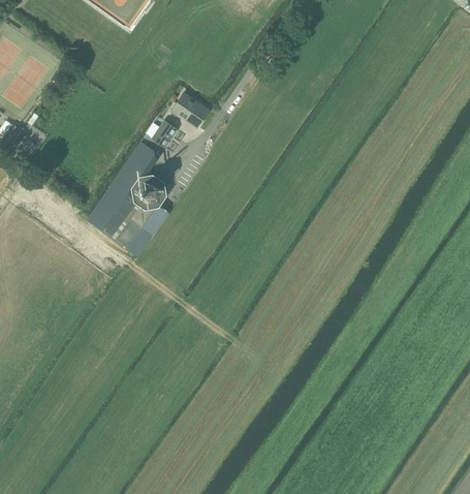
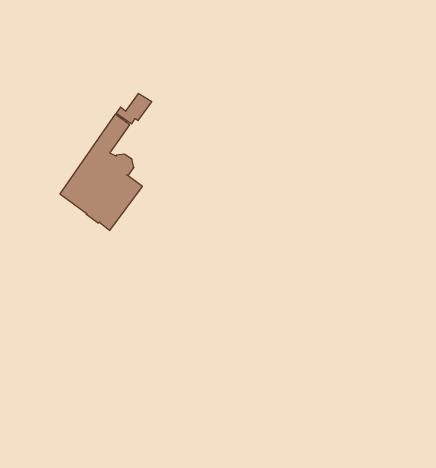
building: [173,91,210,124] -> none

